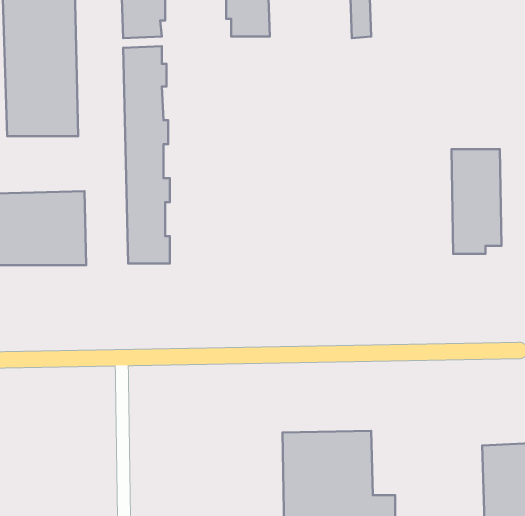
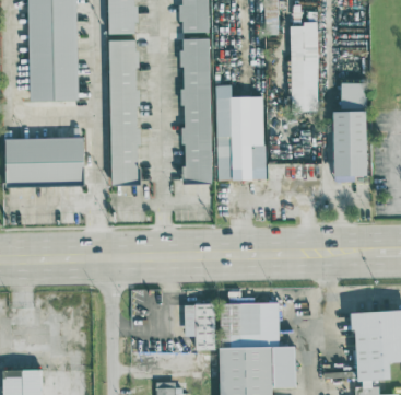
building: none -> [290,20,318,109]
building: none -> [181,39,213,186]
building: none -> [341,81,366,108]
building: none -> [215,83,266,179]
building: none -> [184,302,215,349]

